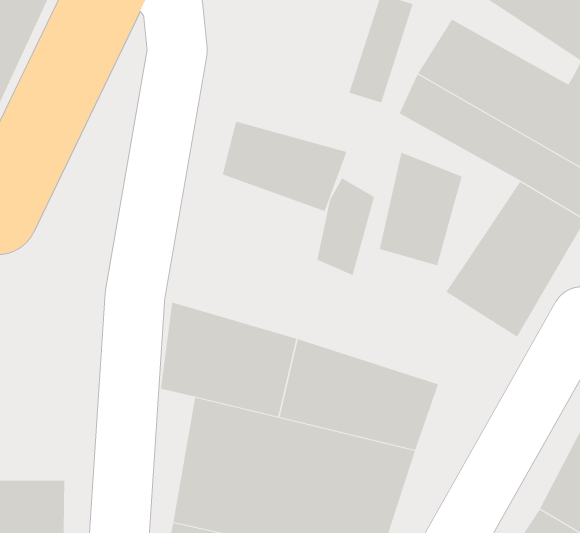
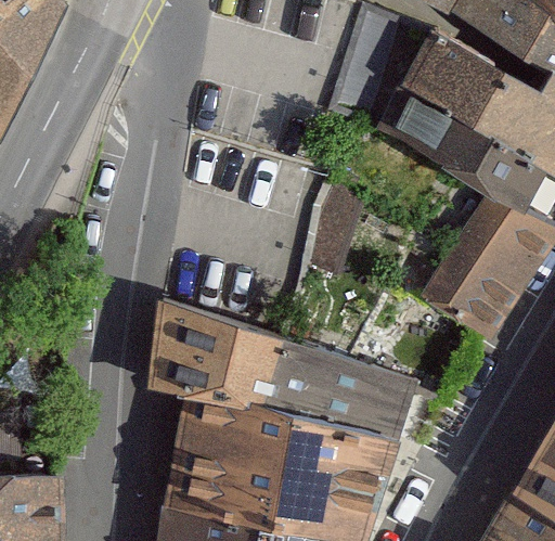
building: [222,121,347,212] -> none
building: [379,152,462,266] -> none

